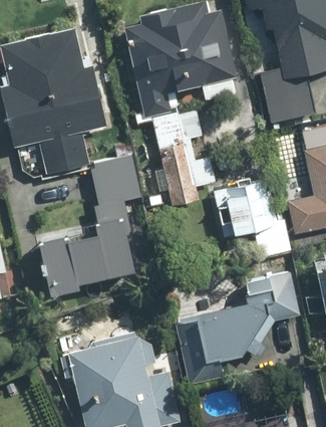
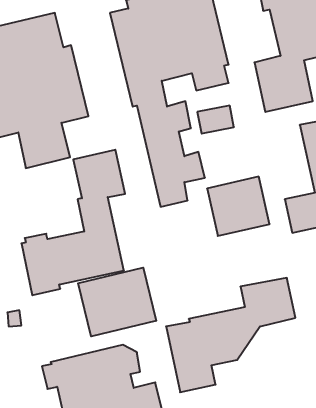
building: none -> [78,268,156,336]

